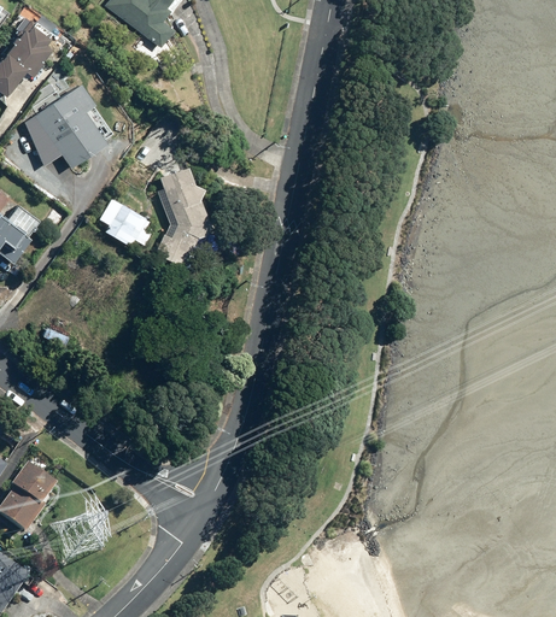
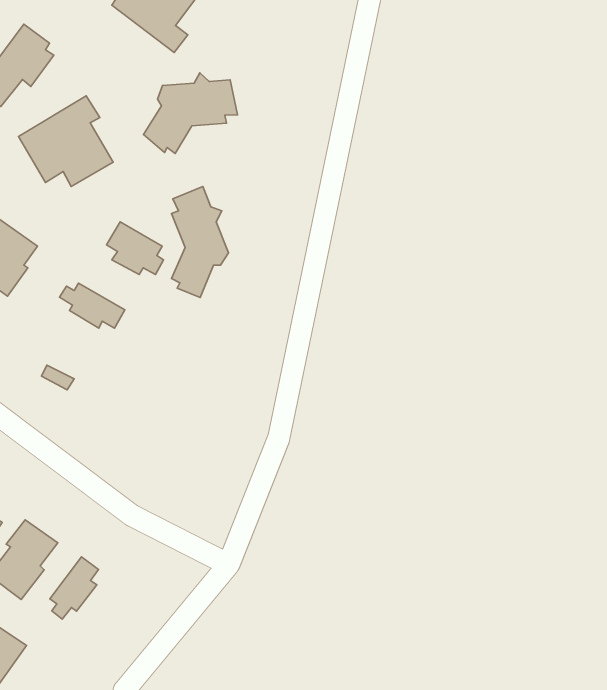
building: none -> [144,73,238,154]
building: none -> [59,283,125,328]
building: none -> [50,557,98,619]

